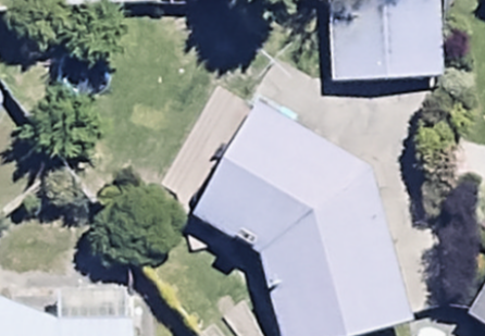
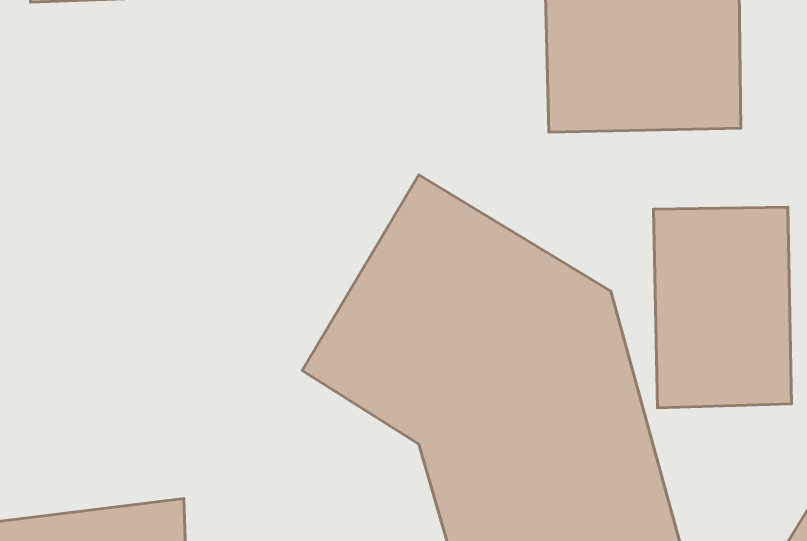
building: none -> [654,207,792,408]

